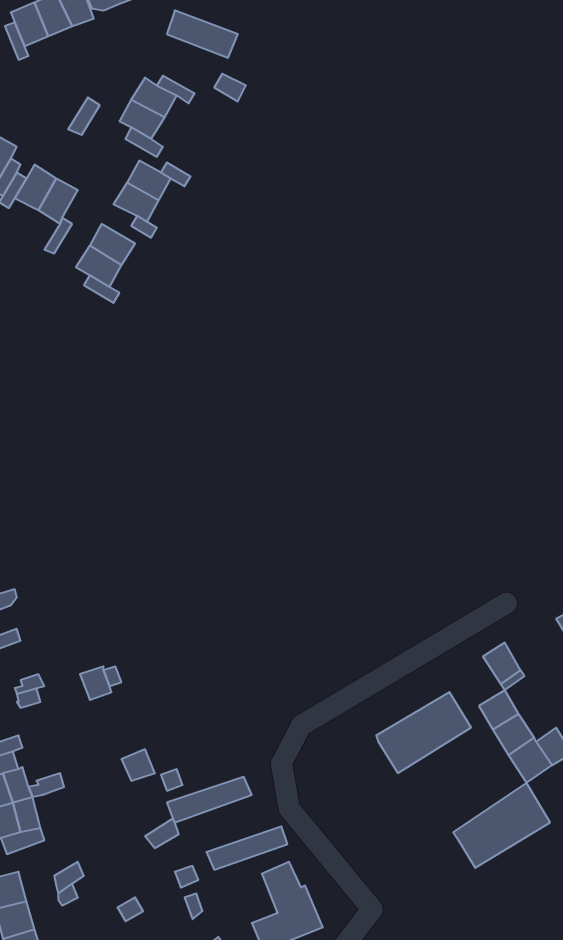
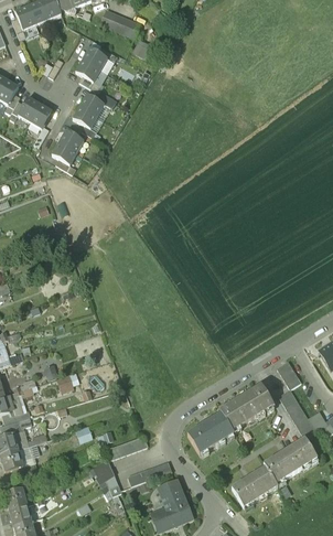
building: none -> [187,416,234,457]
building: none -> [232,470,277,510]

